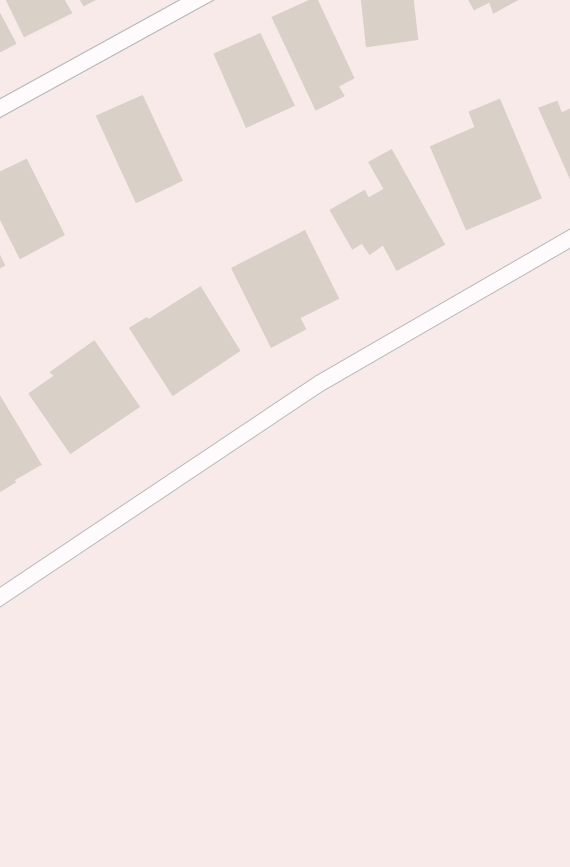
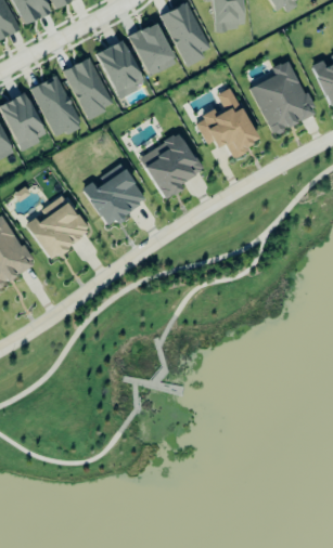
building: none -> [97,39,143,99]
building: none -> [30,74,81,138]

